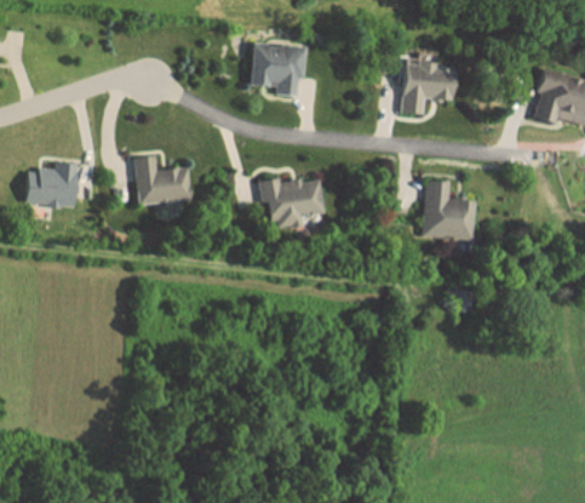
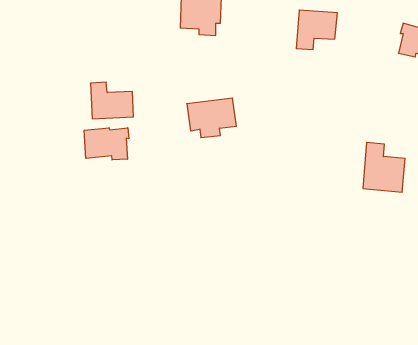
building: [25,161,78,207] -> none
building: [421,178,476,242] -> [363,142,405,192]
building: none -> [84,128,129,160]

